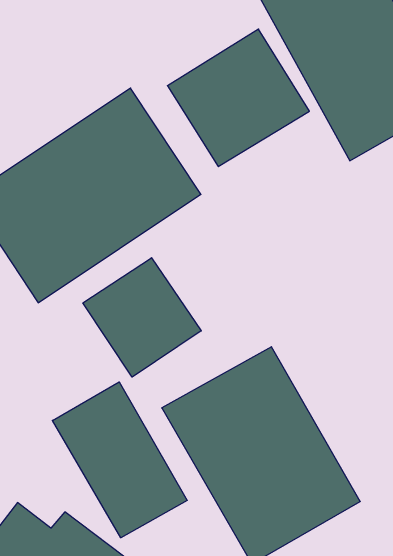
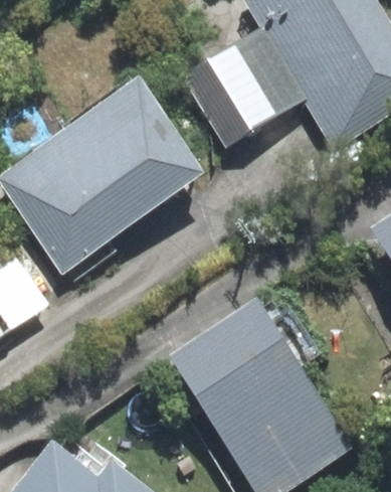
building: [83,258,201,377] -> none
building: [52,382,187,538] -> none

